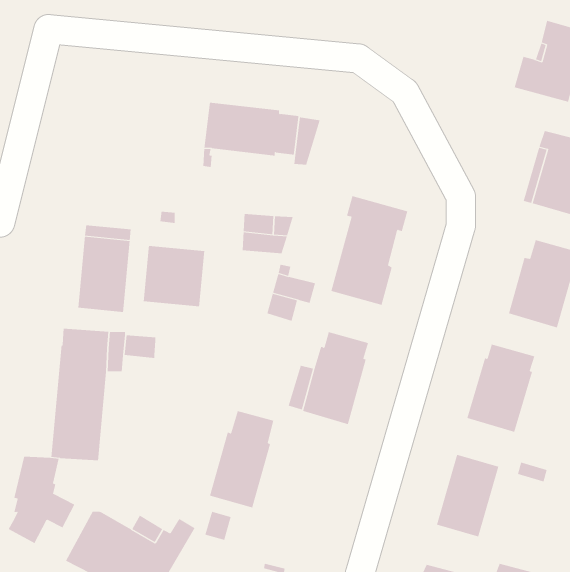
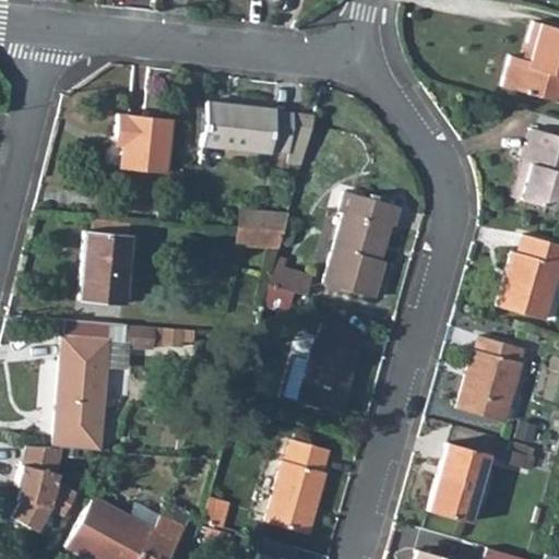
building: none -> [117,115,170,173]
building: [143,245,205,307] -> none
building: [209,410,274,508] -> [266,440,330,535]

